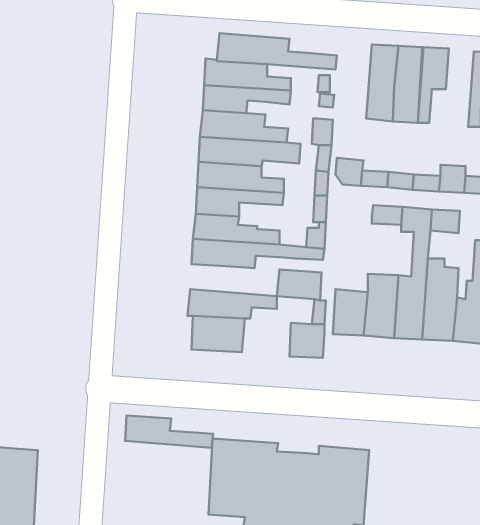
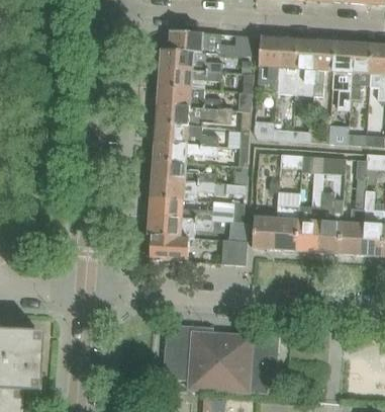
building: none -> [258,36,281,92]
building: none -> [333,42,355,110]
building: [125,416,213,448] -> [150,197,213,221]

